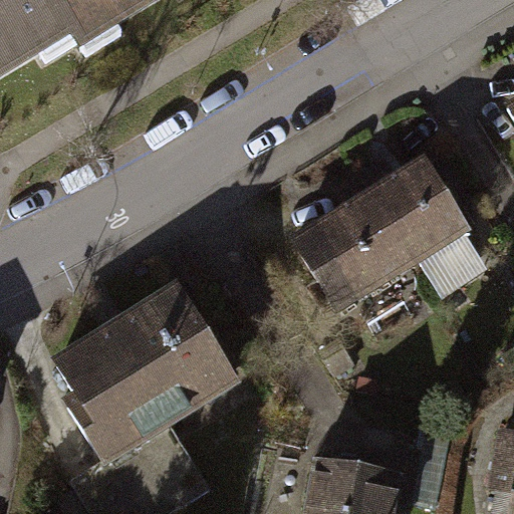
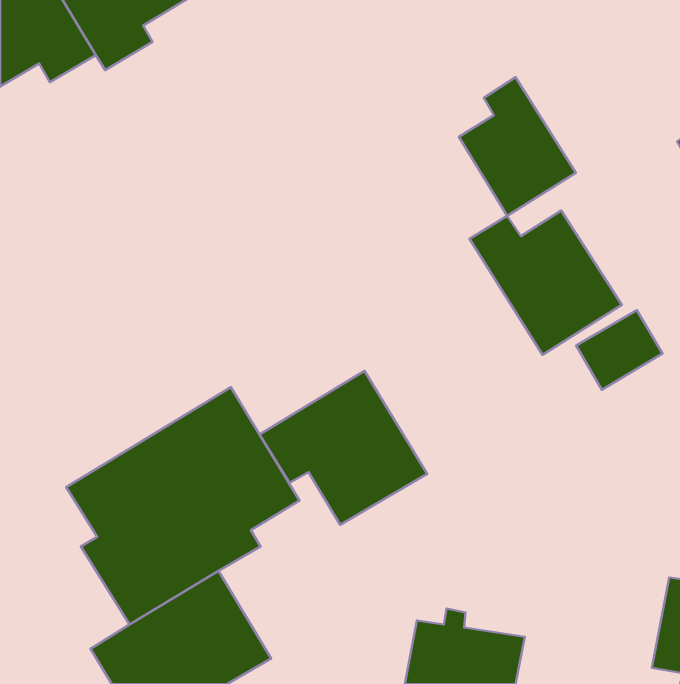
building: none -> [459,77,576,216]
building: [295,178,411,307] -> none
building: none -> [259,371,427,525]

